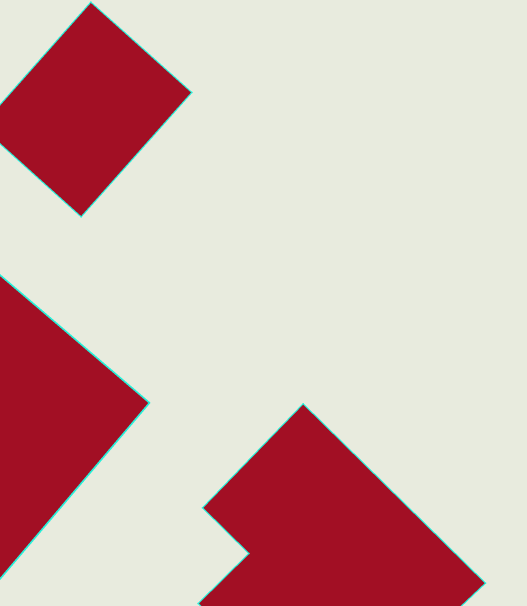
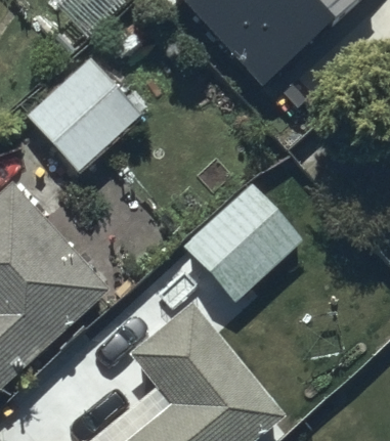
building: none -> [183,182,304,302]

